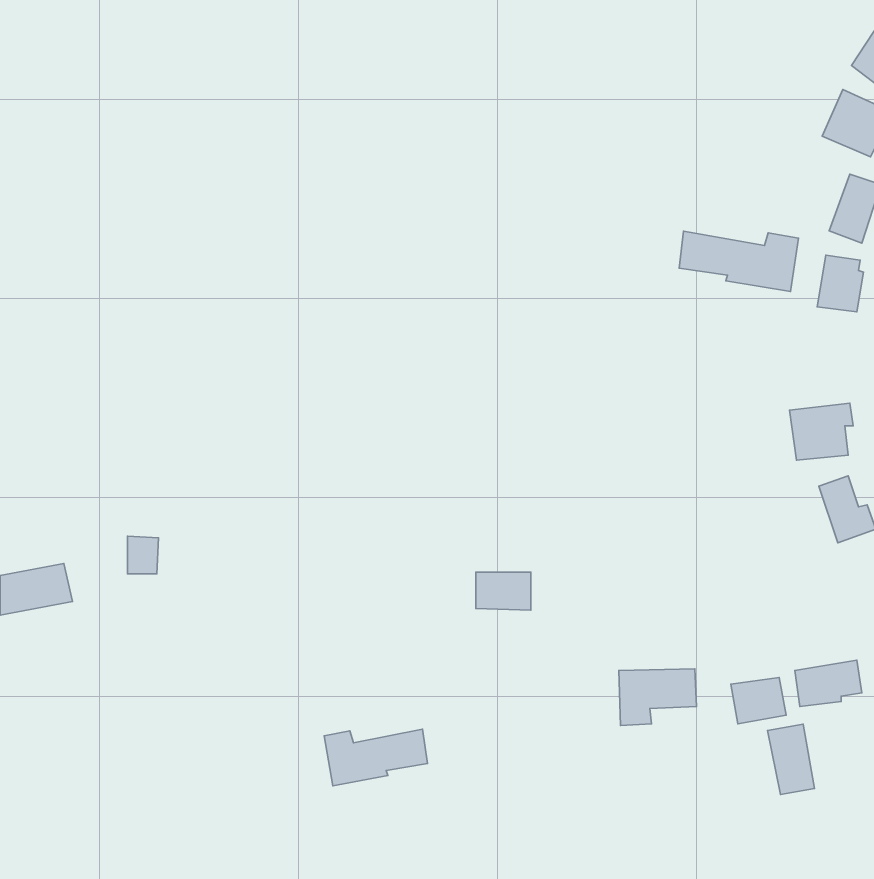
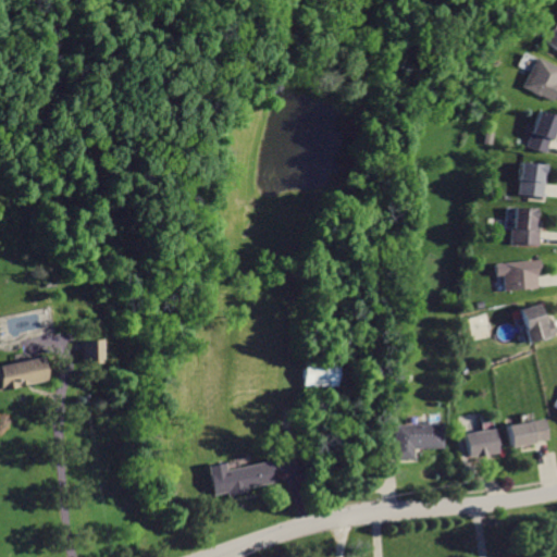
building: [679,231,798,292] -> none
building: none -> [512,206,542,247]
building: [767,724,815,795] -> none

